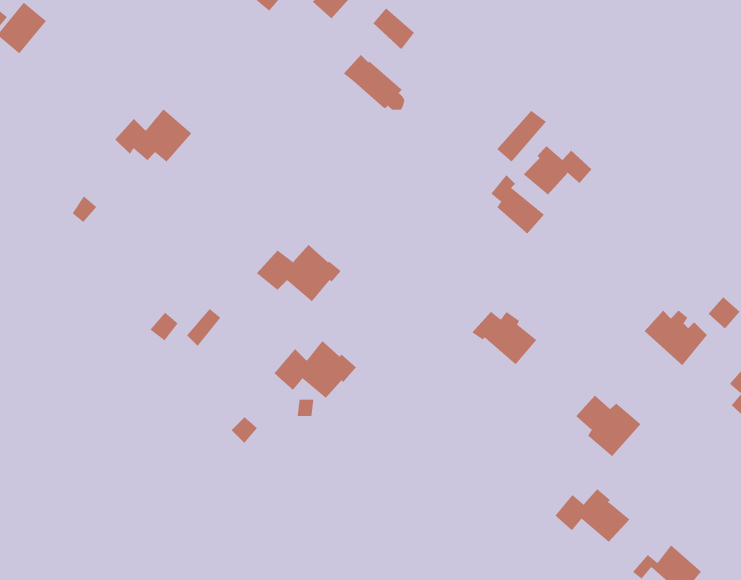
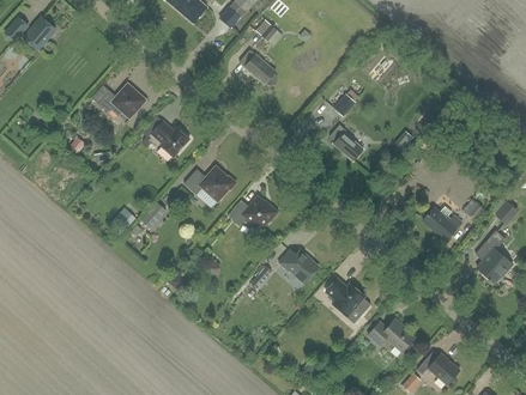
building: [523,145,592,196] -> none
building: none -> [150,121,188,156]
building: [471,311,537,365] -> [277,249,318,282]
building: [274,340,357,398] -> [228,195,279,231]
building: [575,395,641,457] -> [324,278,364,316]

